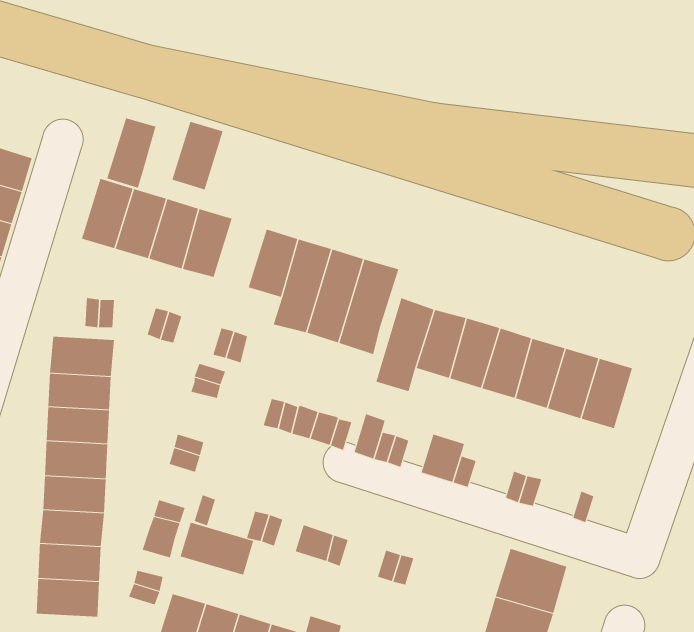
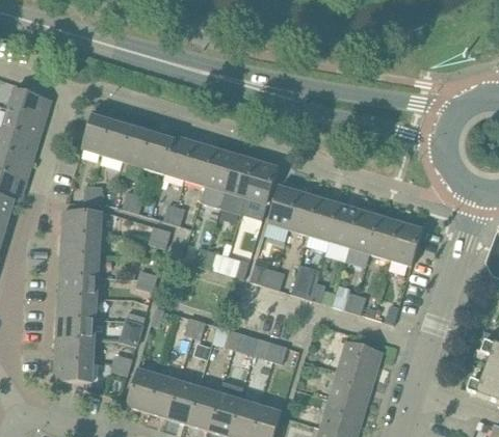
building: [107,117,156,189] -> none
building: [171,121,224,190] -> [163,137,195,180]
building: [180,522,254,575] -> none

